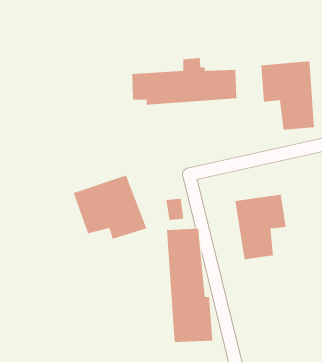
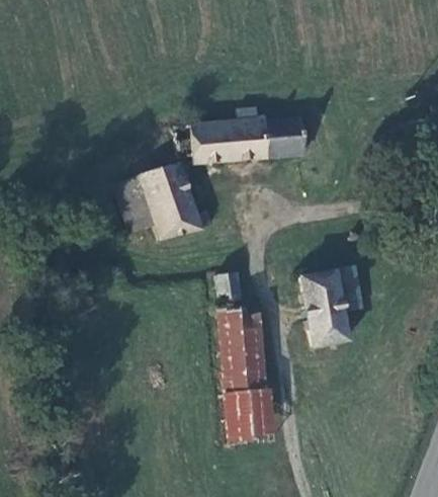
building: [261,61,314,130] -> none
building: [73,175,147,240] -> [115,161,203,238]

